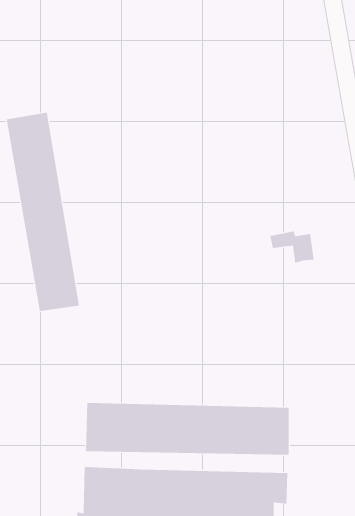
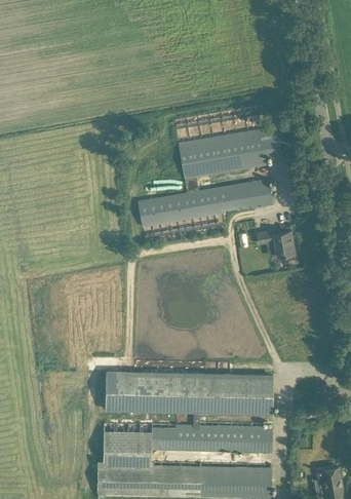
building: none -> [138,127,281,227]
building: [6,112,79,312] -> none

